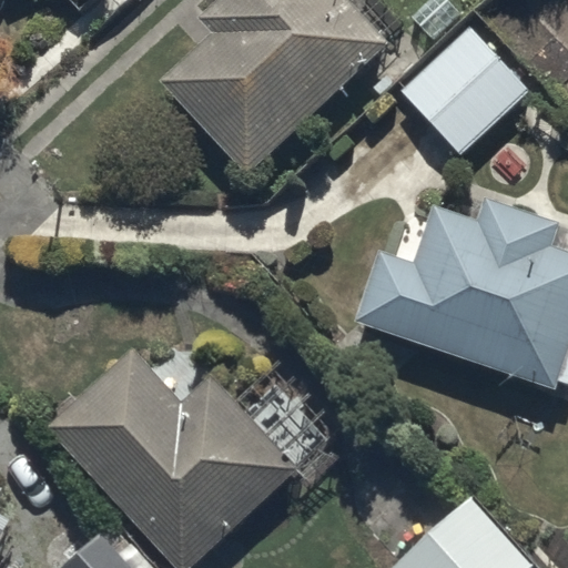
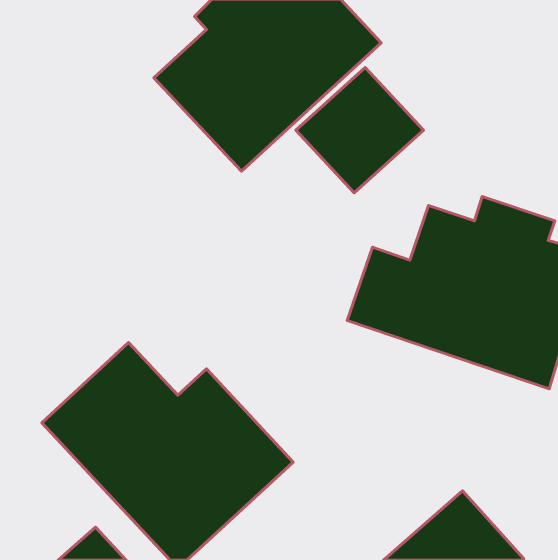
building: [402,26,530,152] -> [296,68,423,193]

